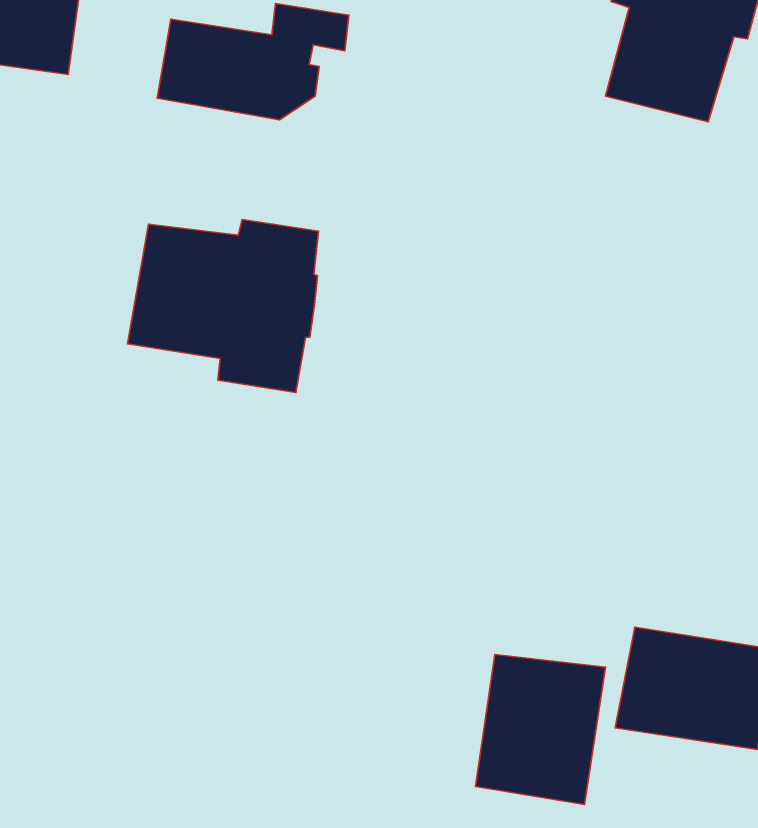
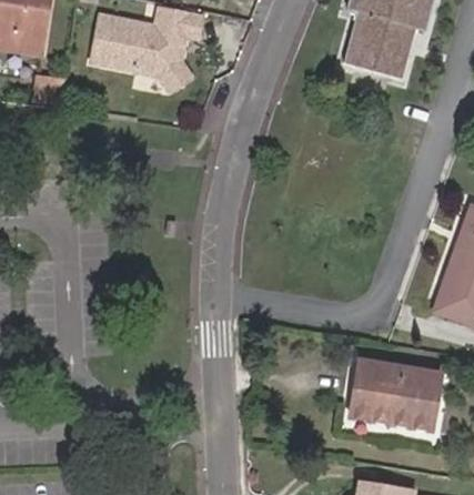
building: [128,220,318,393] -> none
building: [476,654,605,805] -> none

